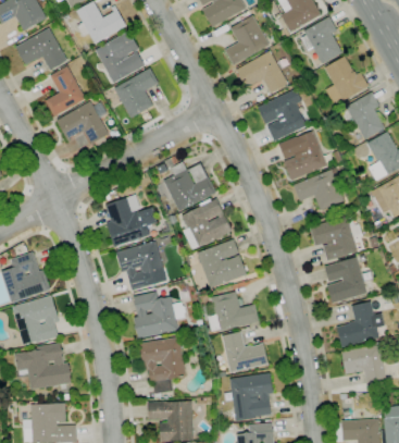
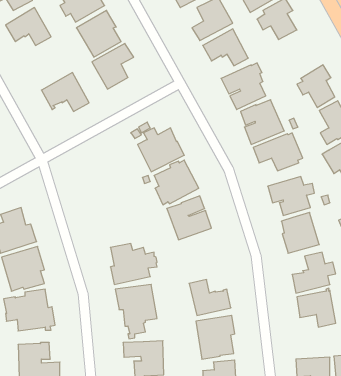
building: [325,56,369,103] -> none
building: [46,65,86,116] -> none
building: [105,194,159,247] -> none
building: [116,241,166,291] -> none
building: [208,292,260,331] -> none

